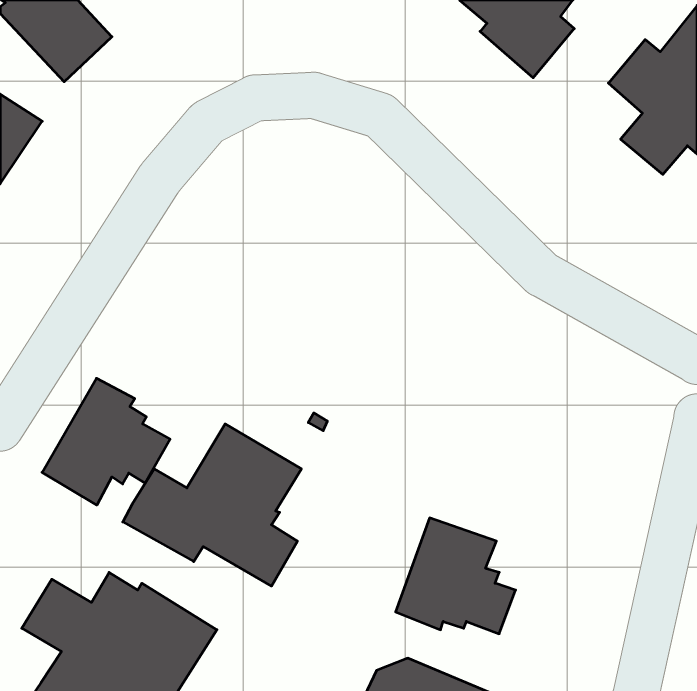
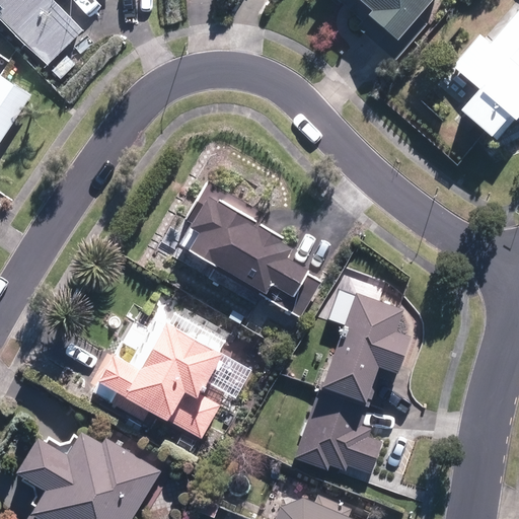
building: none -> [179,180,322,318]
building: [42,378,170,505] -> none
building: none -> [319,290,413,406]

